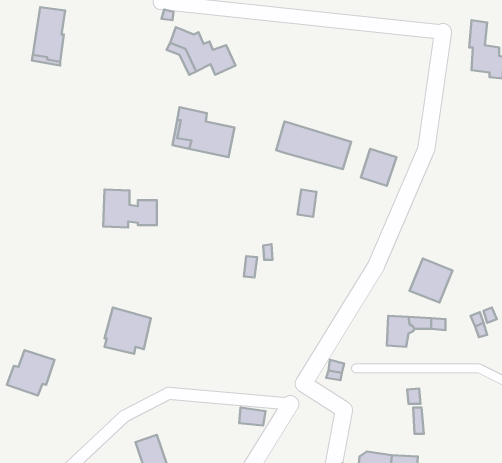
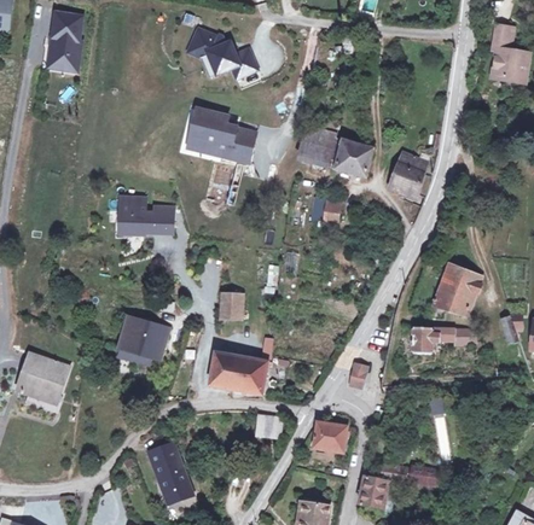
building: none -> [224,292,246,321]
building: none -> [213,345,274,392]
building: none -> [313,427,342,454]

